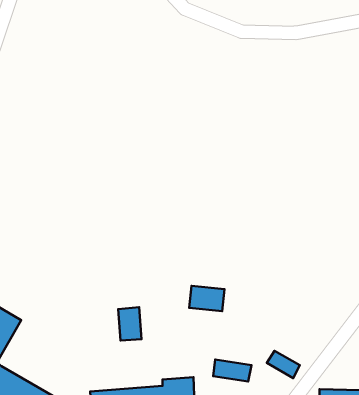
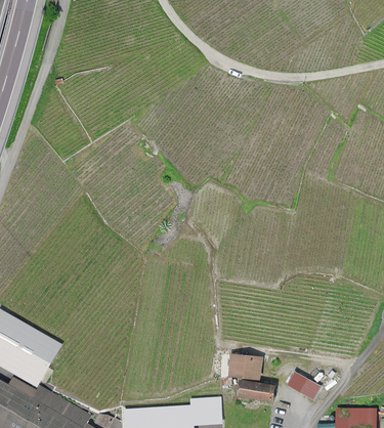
building: [189,286,224,311] -> [228,354,261,378]
building: [118,307,142,341] -> none

